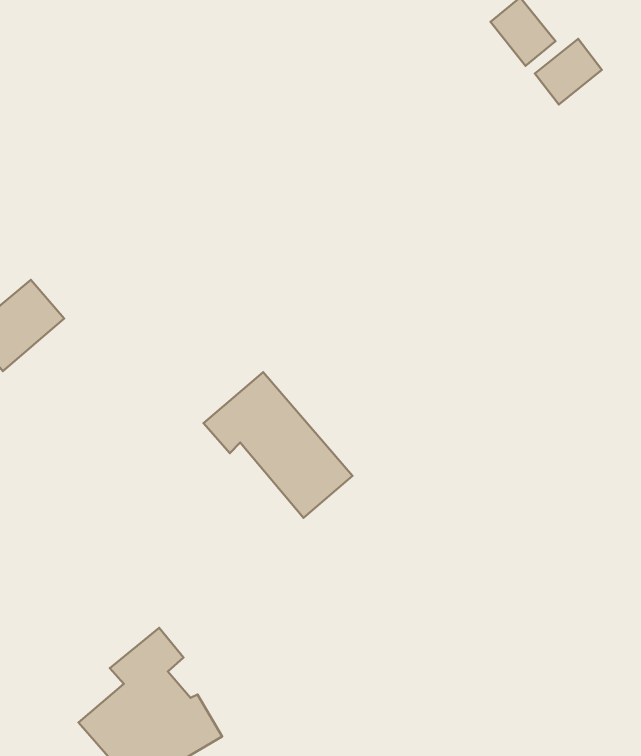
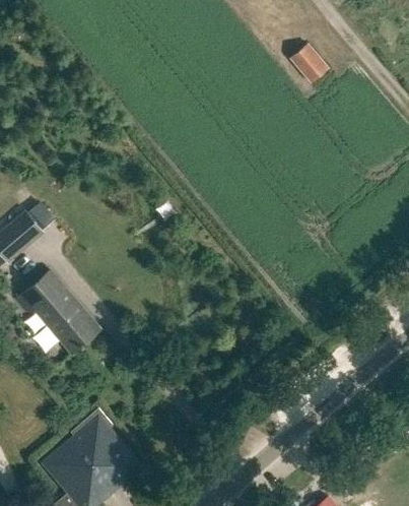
building: [535,39,602,104] -> none
building: [203,372,353,518] -> [15,270,101,355]

